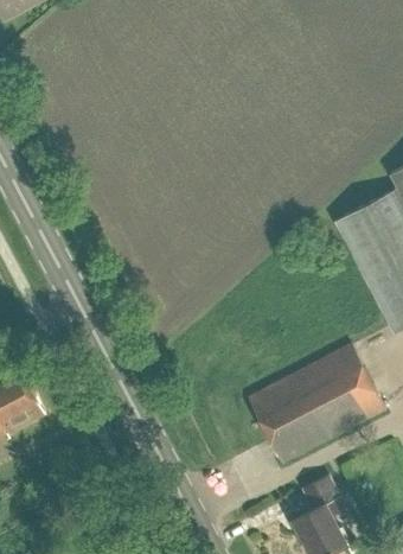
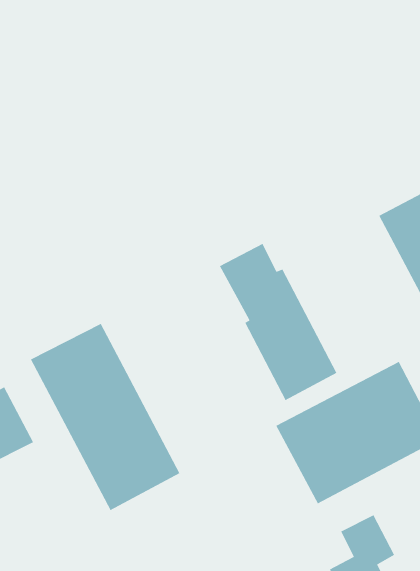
building: none -> [219,243,338,401]
building: none -> [30,323,180,511]

